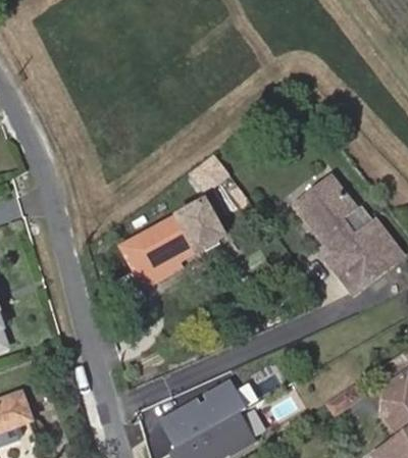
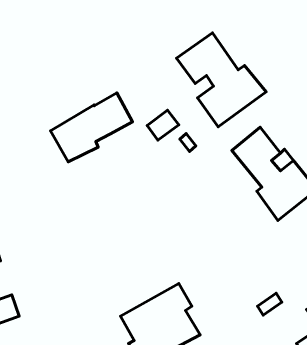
building: none -> [176,33,266,127]
building: [123,201,226,288] -> [50,93,132,162]

